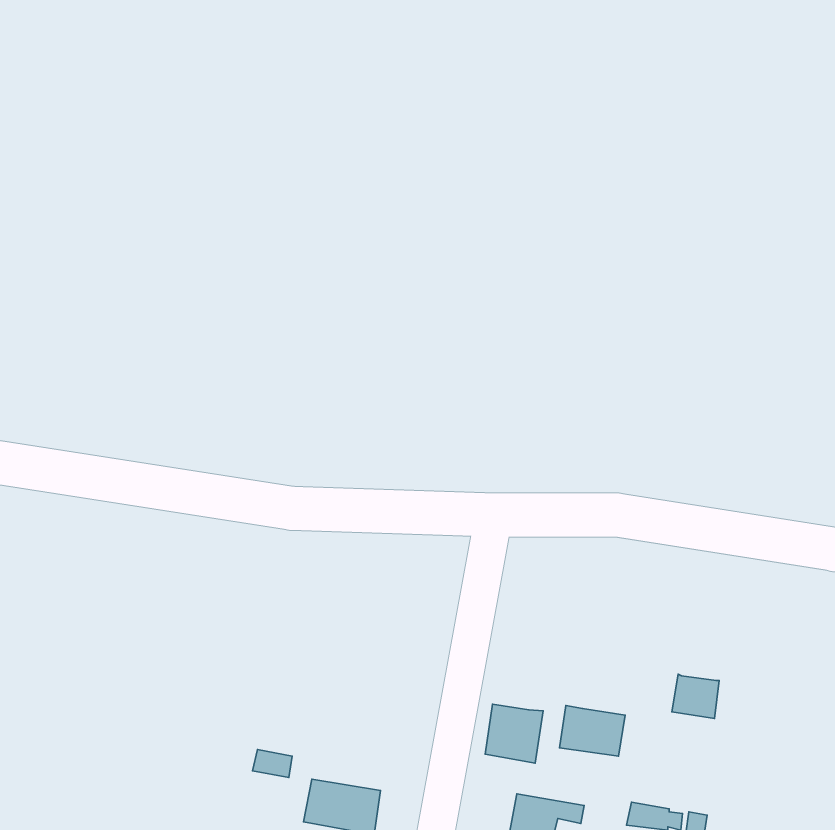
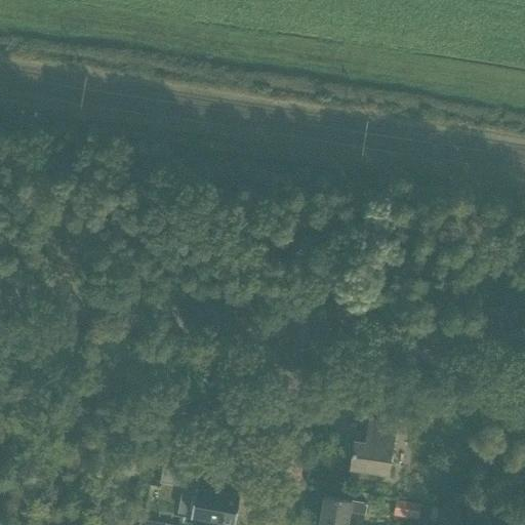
building: [672,674,719,718] -> [364,425,394,452]
building: [485,704,543,763] -> none

